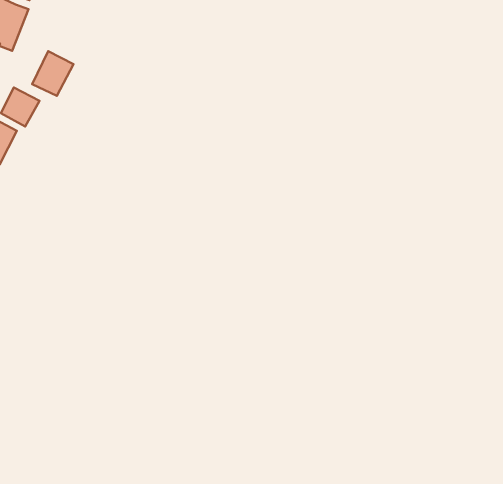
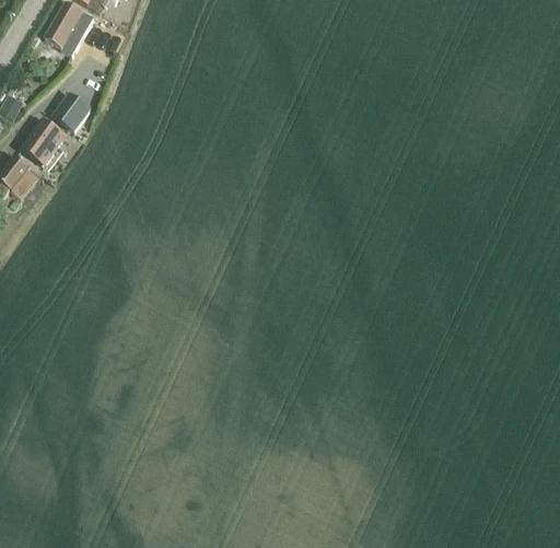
building: [32,51,73,96] -> none

